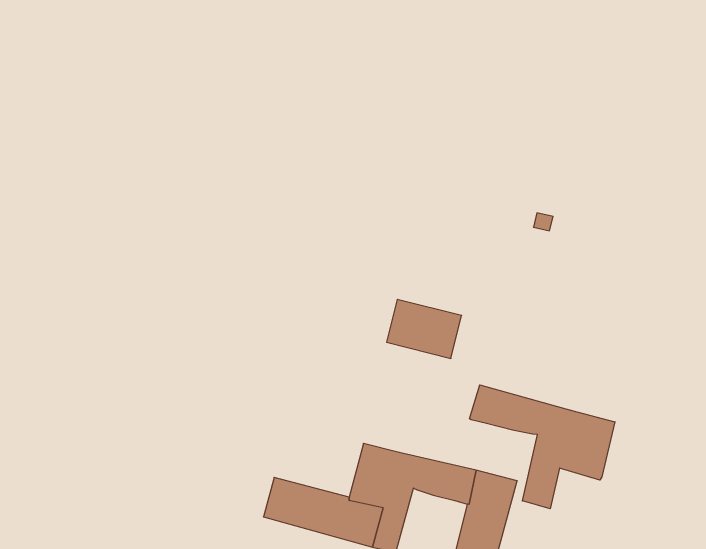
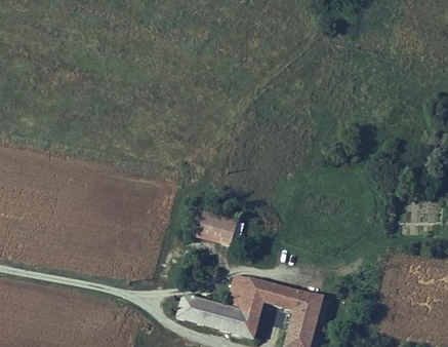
building: [387,299,462,358] -> [194,209,237,243]
building: [469,385,615,509] -> none

